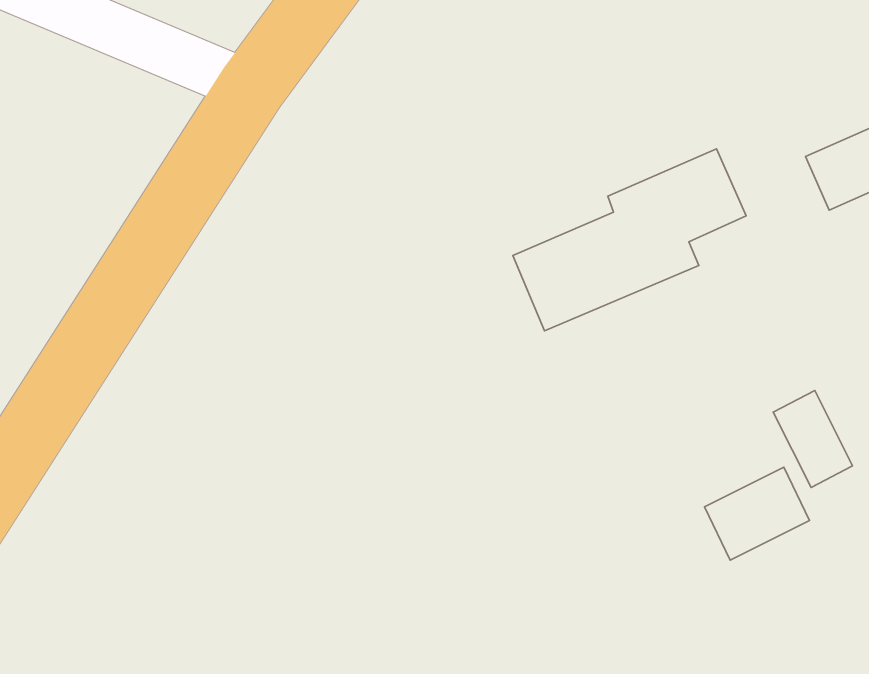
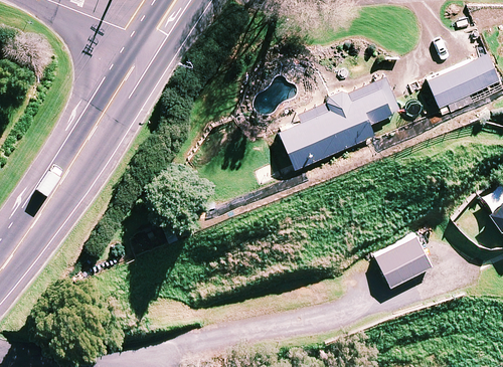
building: [773,390,853,488] -> none

